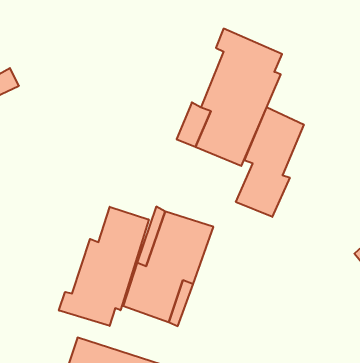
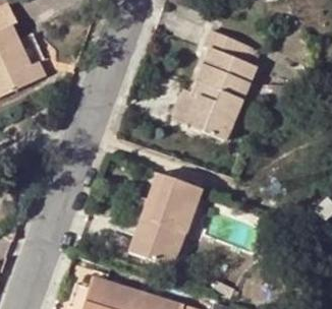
building: [236,107,304,217] -> none
building: [59,207,149,326] -> none

